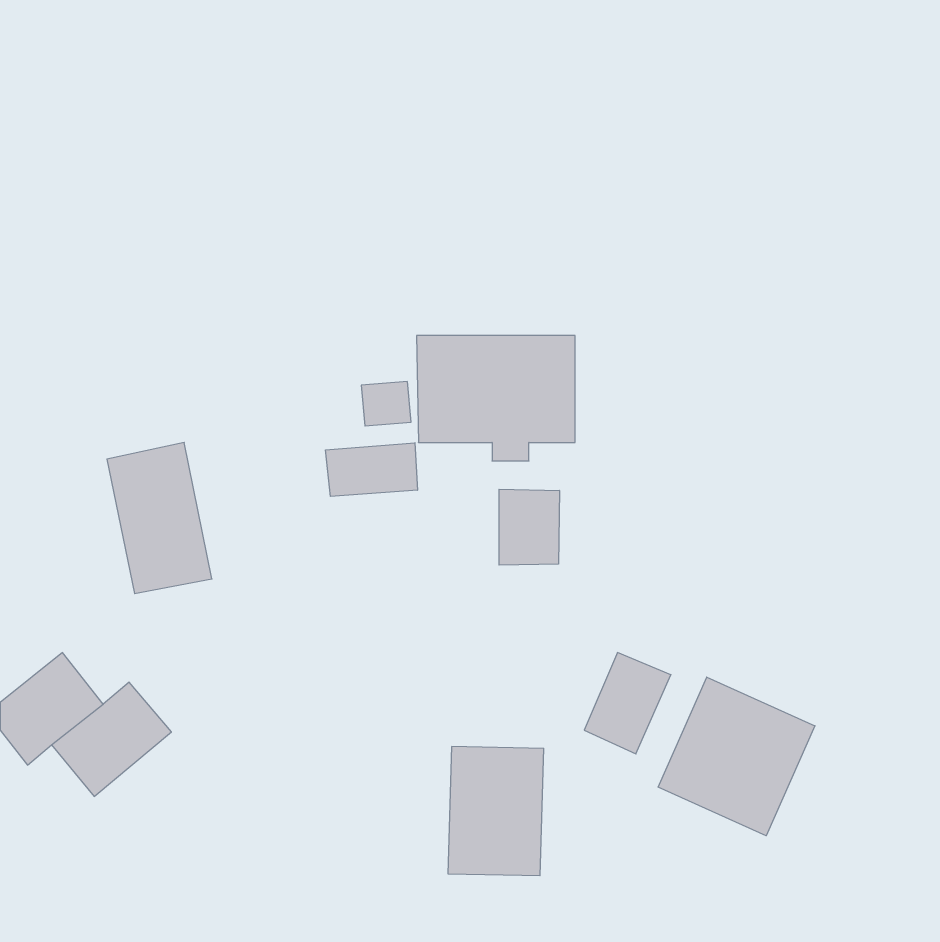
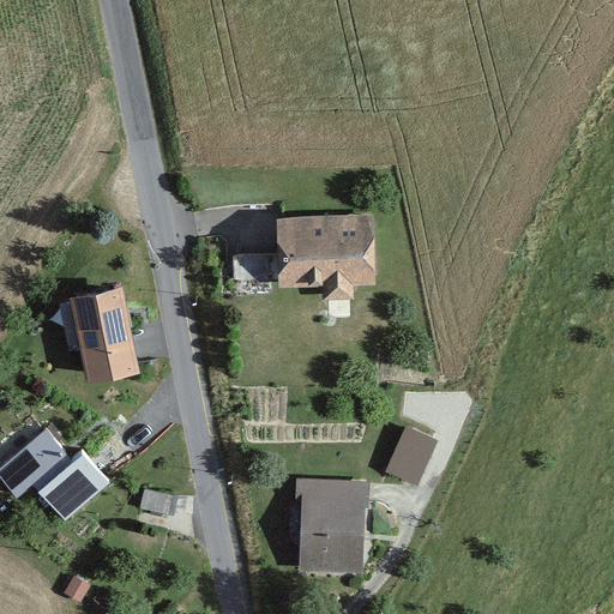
building: [326,443,417,496] -> none
building: [499,489,559,565] -> none
building: [658,677,815,836] -> none

